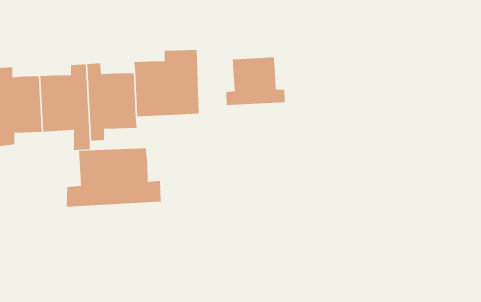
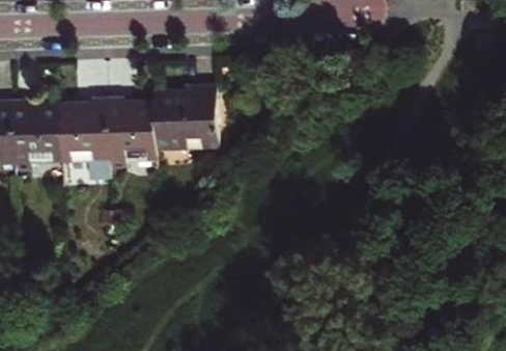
building: [226,57,285,106] -> none
building: [66,148,161,207] -> none

